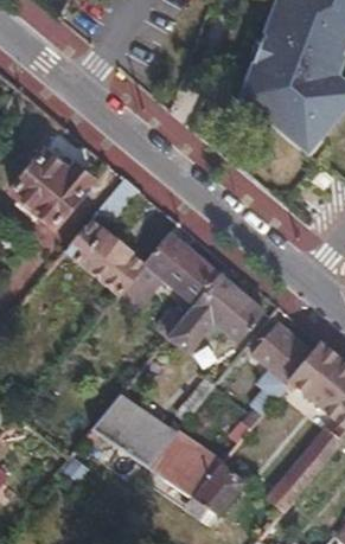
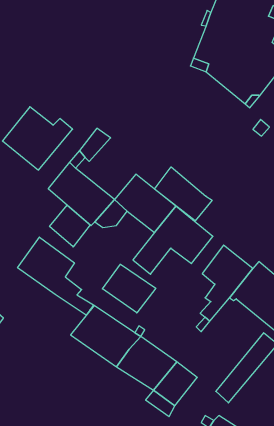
building: none -> [155,167,212,221]
building: none -> [50,205,90,247]
building: none -> [18,237,93,315]
building: none -> [102,264,156,313]

